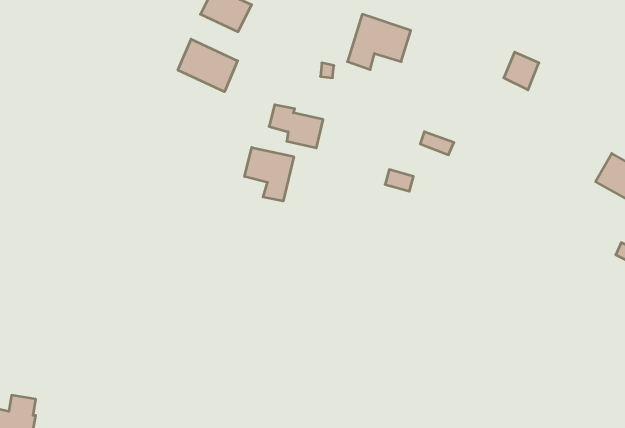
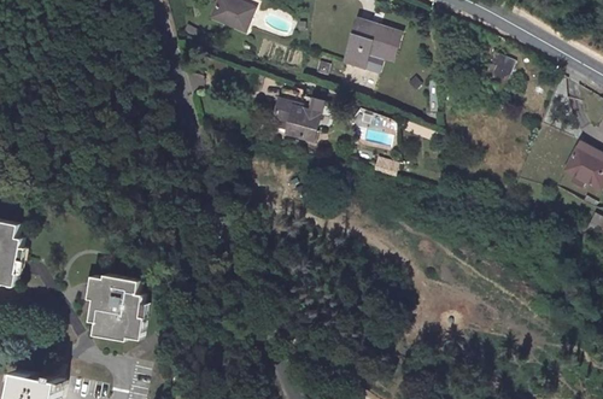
building: [178,39,238,92] -> none
building: [245,147,294,201] -> none
building: none -> [86,271,142,342]

